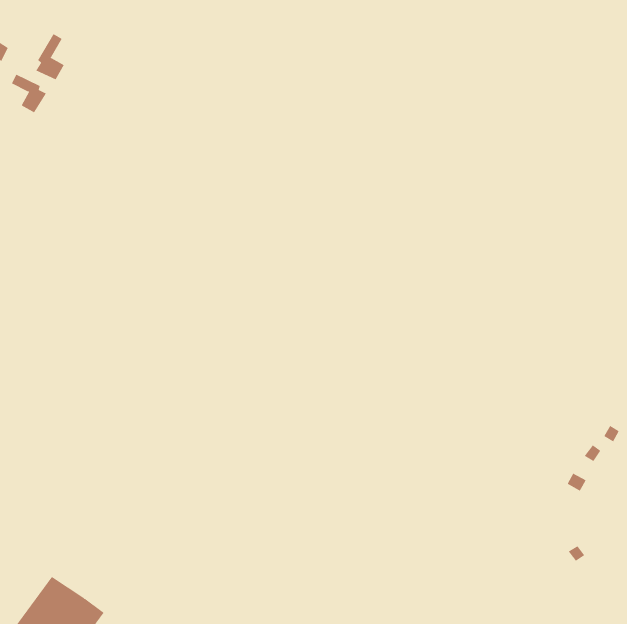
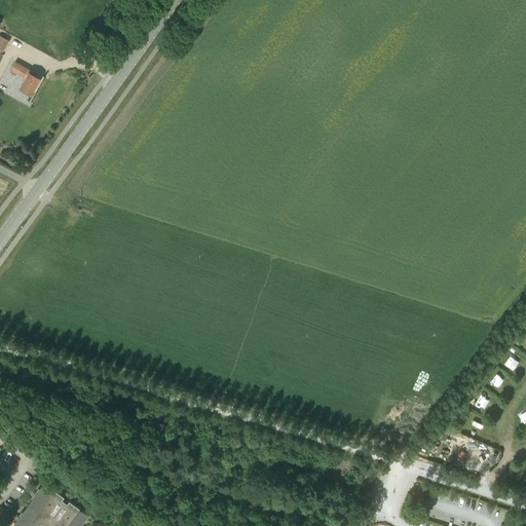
building: [36,33,64,80] -> none

